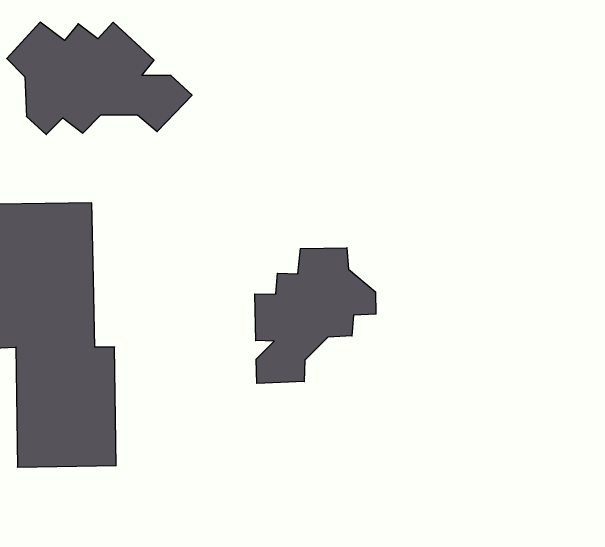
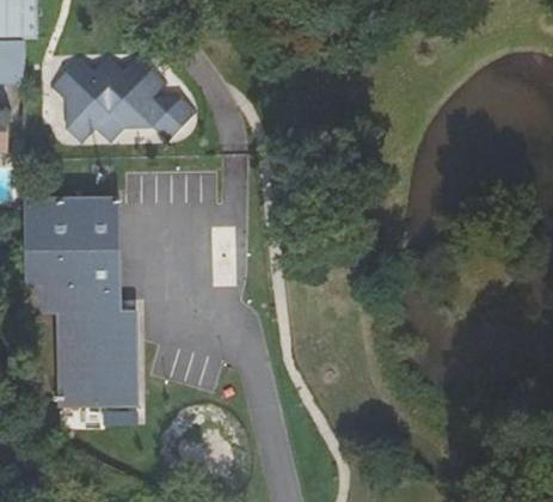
building: [255,248,376,383] -> none

